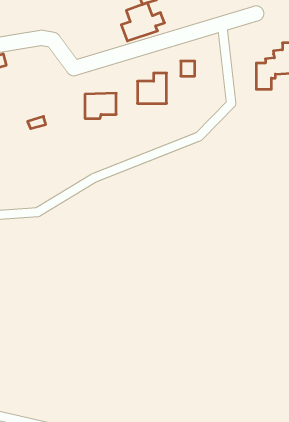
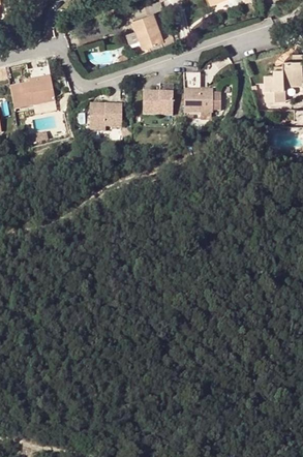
building: none -> [9,66,55,109]
building: none -> [183,90,220,112]

